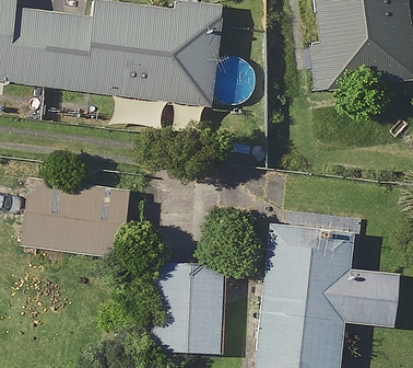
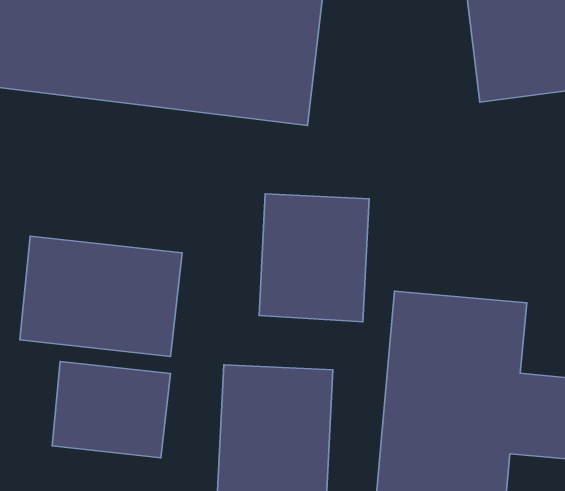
building: none -> [259,194,369,322]
building: none -> [52,362,171,458]

